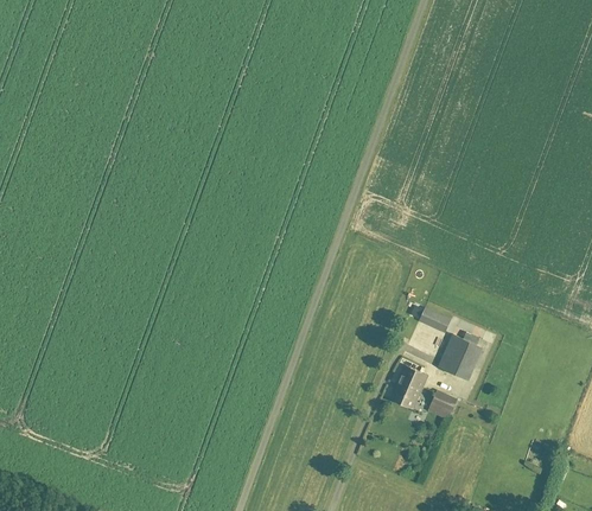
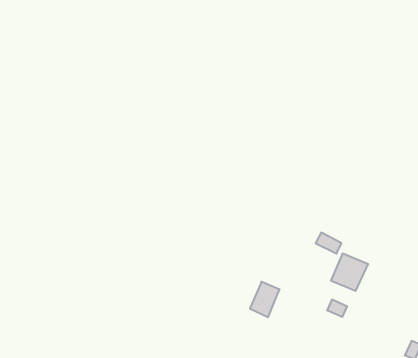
building: [392,365,428,409] -> [250,282,280,317]

